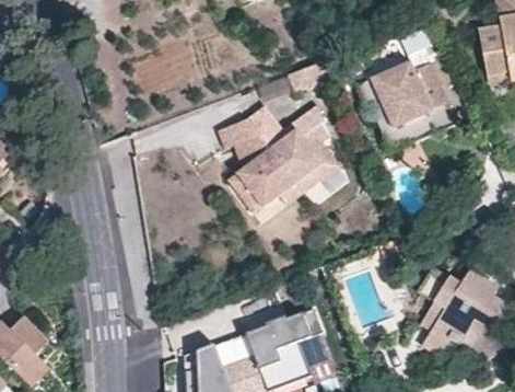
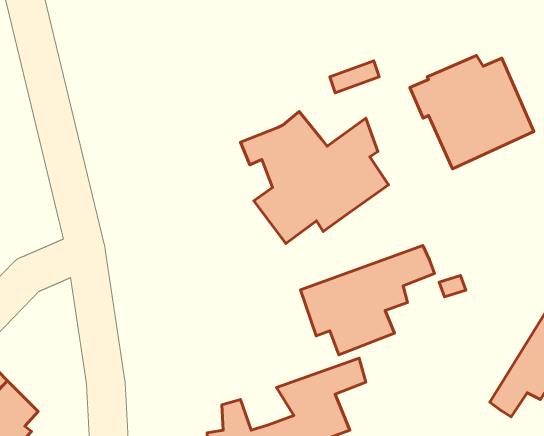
building: none -> [301,246,434,355]

